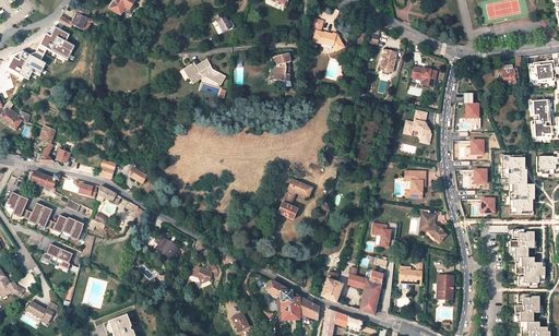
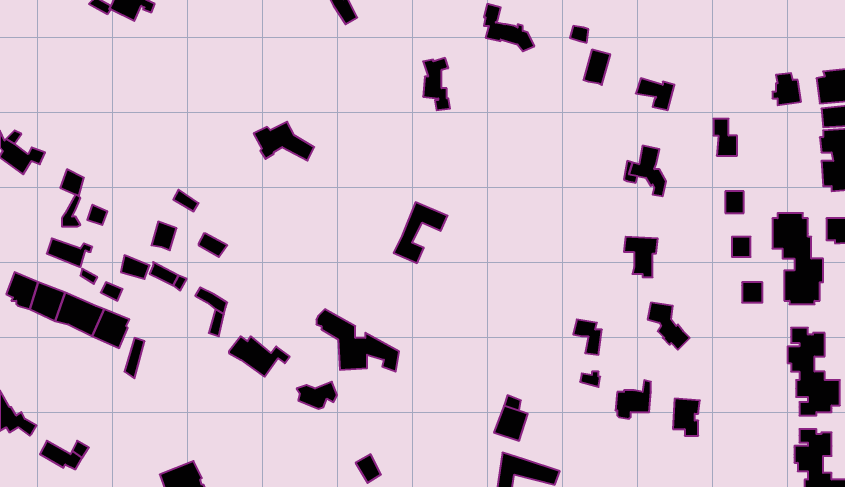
building: [9,26,75,79] -> none
building: [186,59,225,84] -> [254,122,314,161]
building: [277,179,312,218] -> [394,202,448,263]
building: [41,243,72,268] -> none
building: [347,271,383,314] -> none
building: [265,279,319,320] -> [316,309,399,372]

